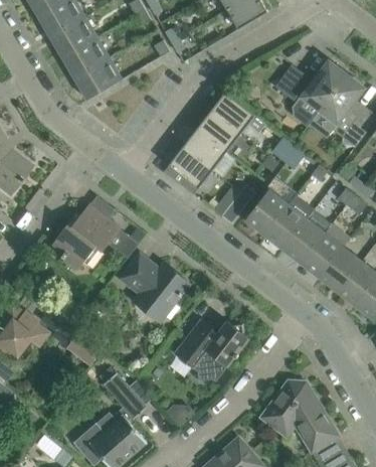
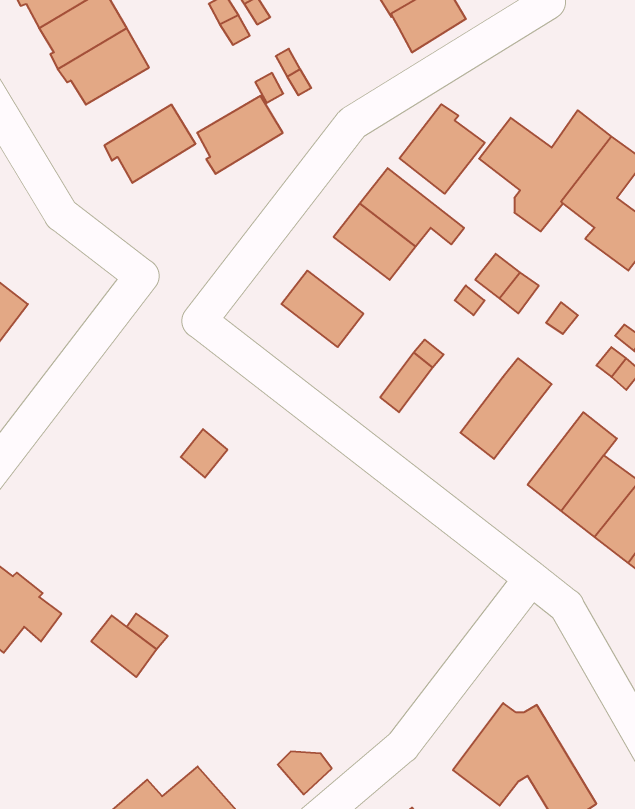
building: [62,37,109,80] -> [197,96,283,174]
building: none -> [400,104,485,194]
building: [182,129,226,170] -> none
building: [246,187,288,235] -> none
building: [52,204,120,269] -> none
building: [283,209,331,263] -> none
building: [120,253,189,321] -> none
building: [174,318,249,381] -> none
building: [104,372,146,418] -> none

